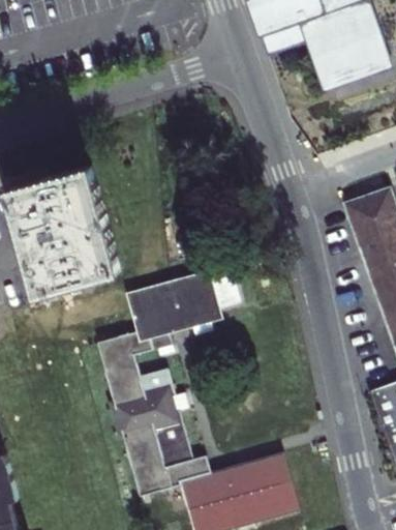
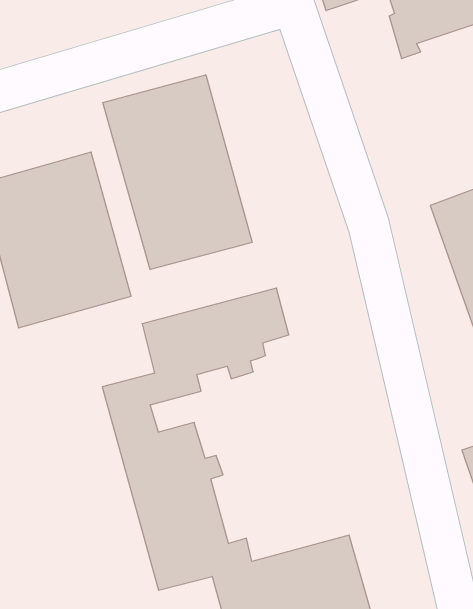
building: none -> [103,75,252,270]

